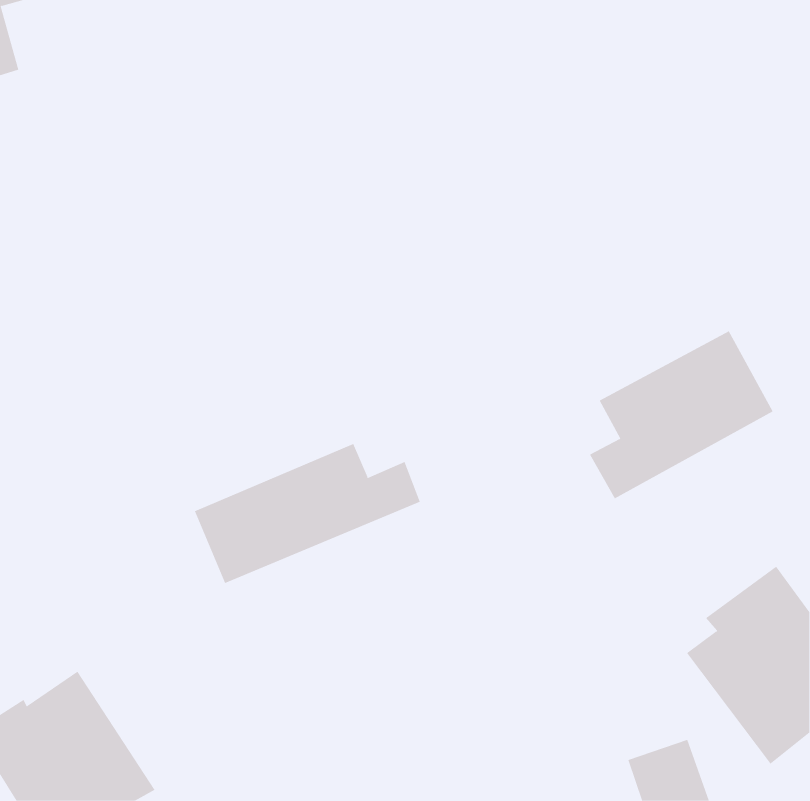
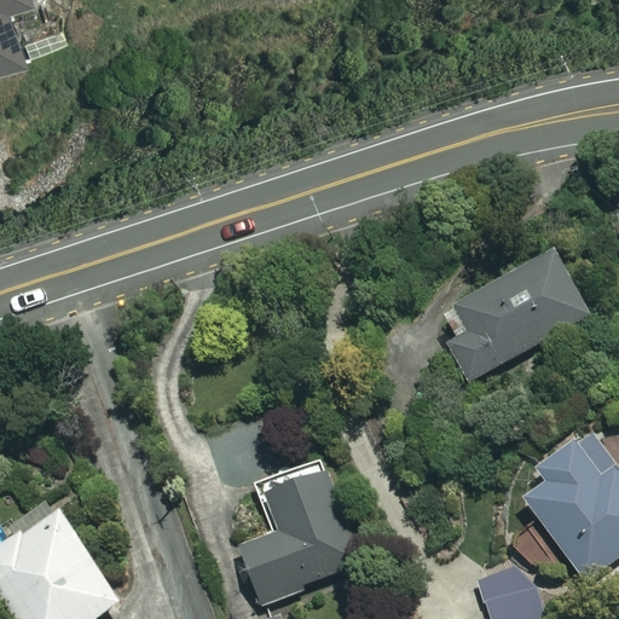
building: [194,443,421,584] -> none
building: none -> [238,472,360,600]

